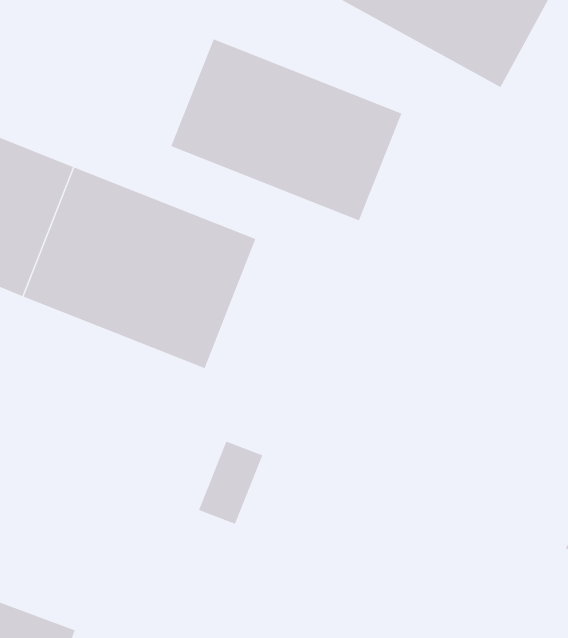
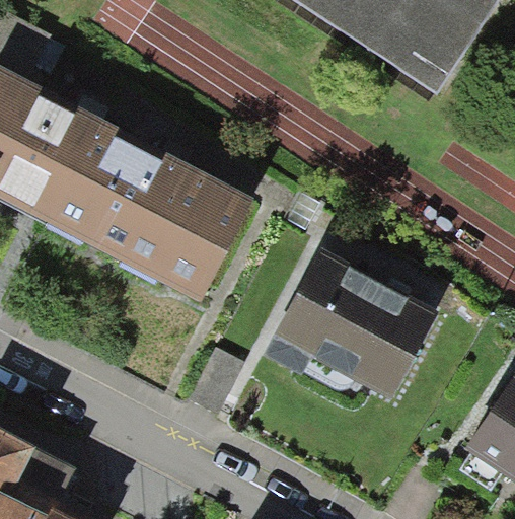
building: [170,38,402,221] -> none
building: none -> [271,248,431,396]

